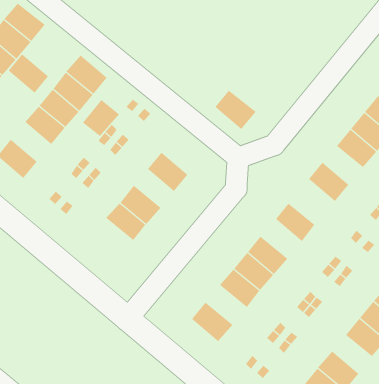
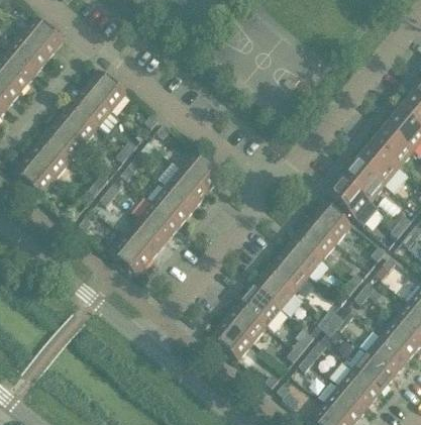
building: [8,53,49,93] -> [28,137,70,178]
building: [214,90,256,130] -> [181,150,223,191]
building: [82,99,120,137] -> none
building: none -> [343,162,385,201]
building: none -> [152,185,194,224]
building: none -> [309,201,351,241]
building: none -> [110,234,152,276]
building: none -> [281,235,323,276]
building: none -> [225,302,268,342]
building: none -> [353,352,394,392]

